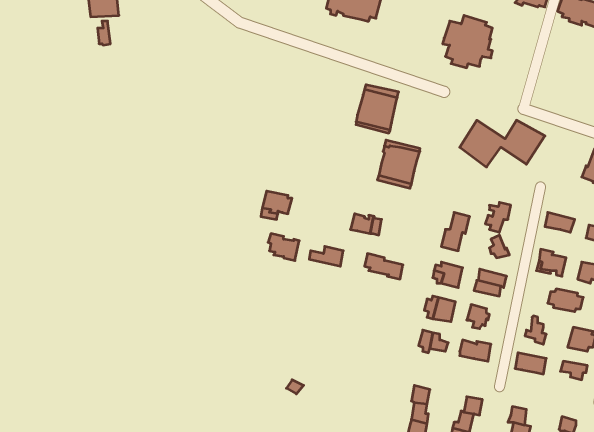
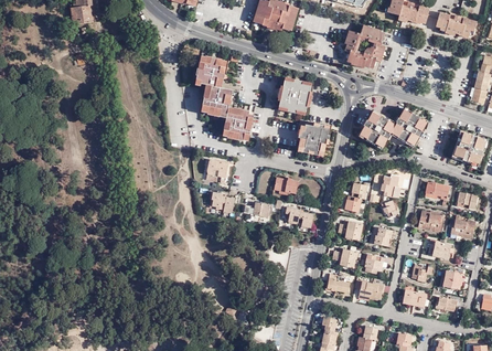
building: none -> [195,61,253,142]

